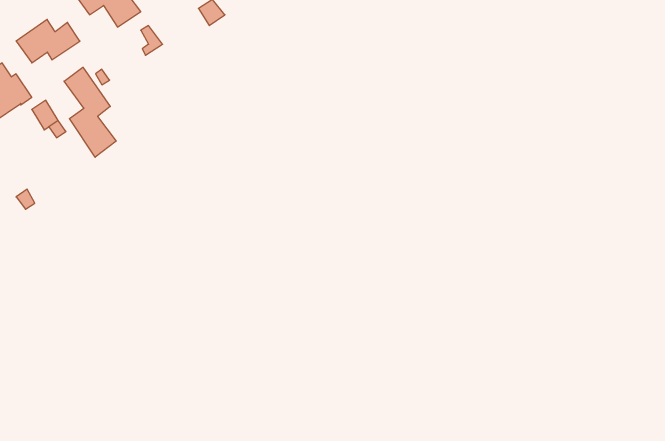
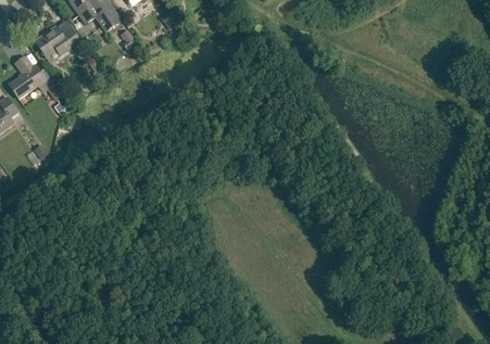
building: [64,67,116,157] -> none

